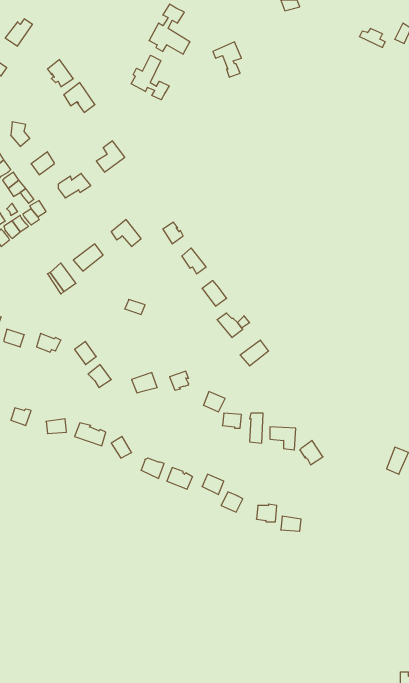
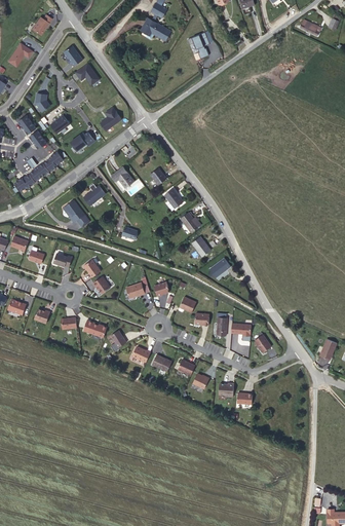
building: [131,55,169,100] -> none

